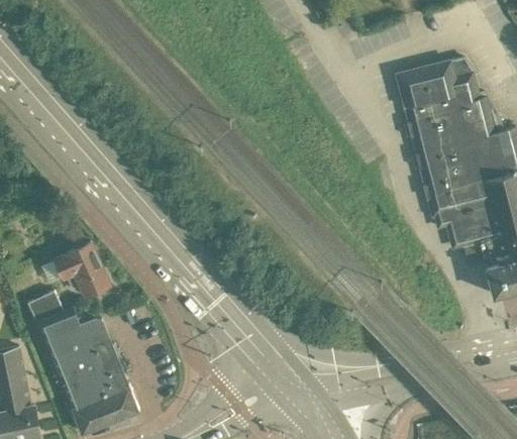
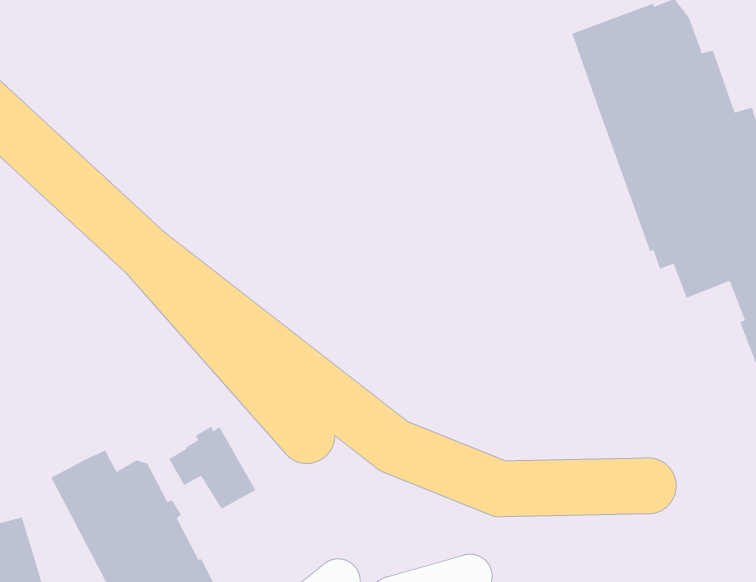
building: [58,243,111,297] -> [169,426,256,510]
building: [32,294,65,325] -> none

